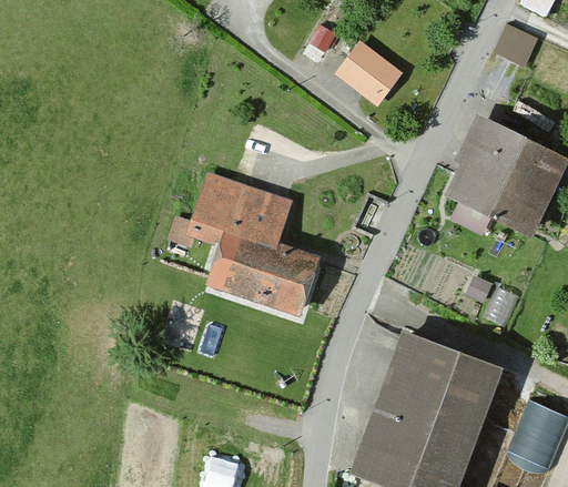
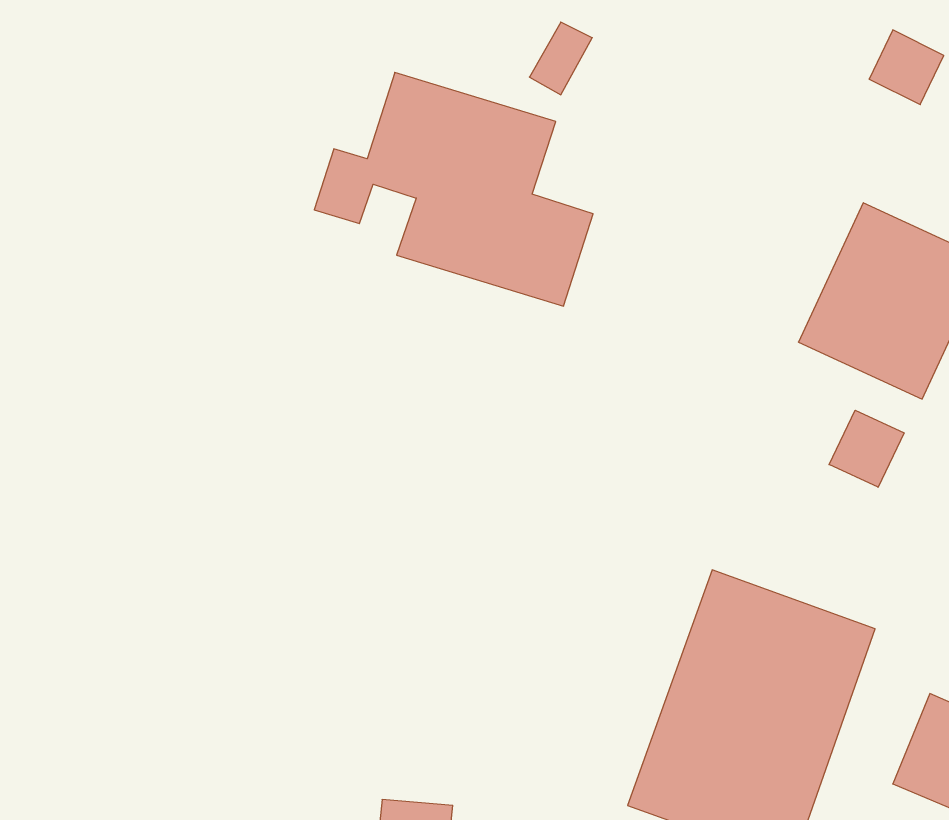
building: [336,42,400,104] -> none
building: [160,175,317,307] -> [314,72,593,306]
building: none -> [829,410,904,487]

